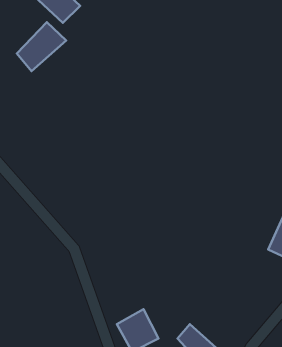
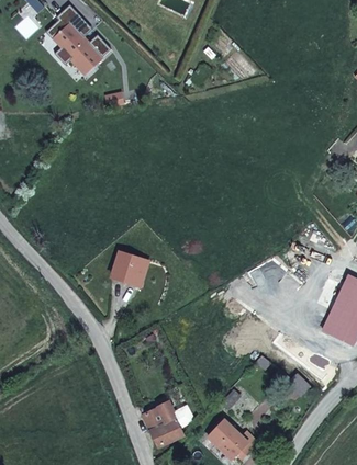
building: [17,22,66,71] -> none
building: none -> [111,250,154,286]

